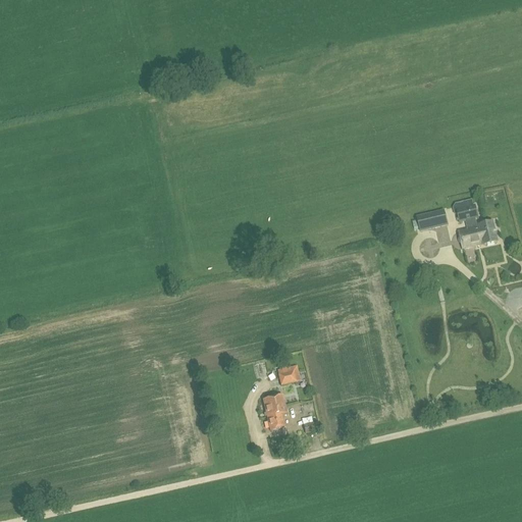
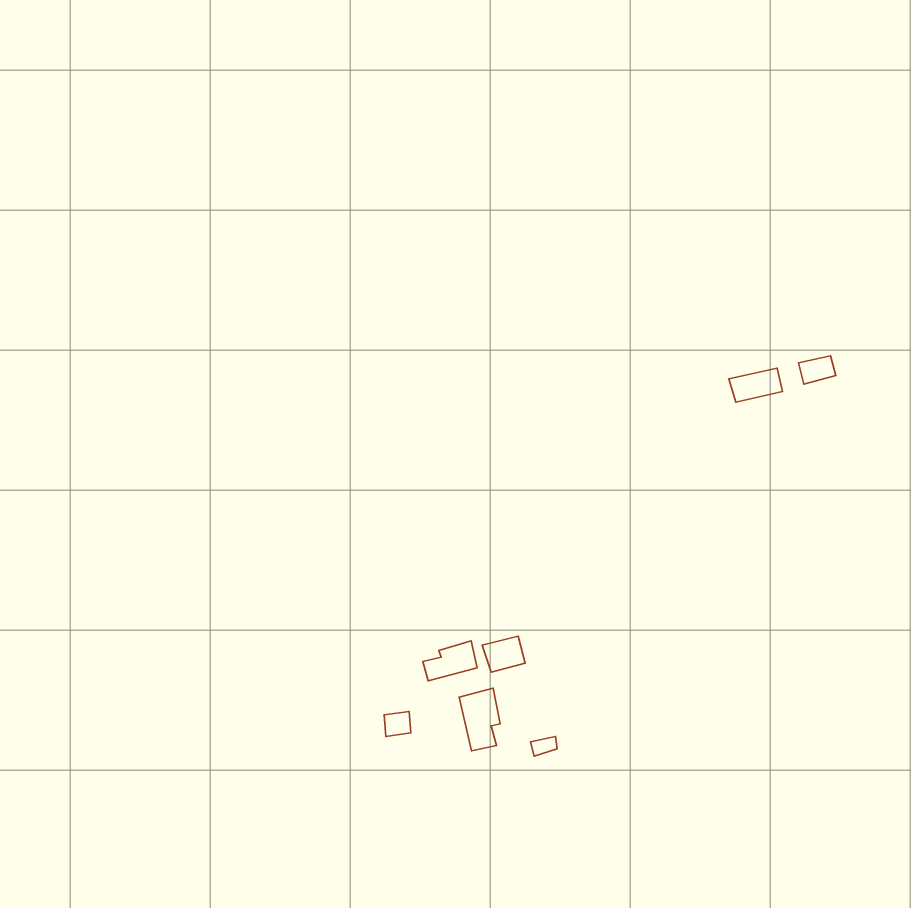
building: [458,219,497,246] -> none
building: none -> [423,641,477,681]

